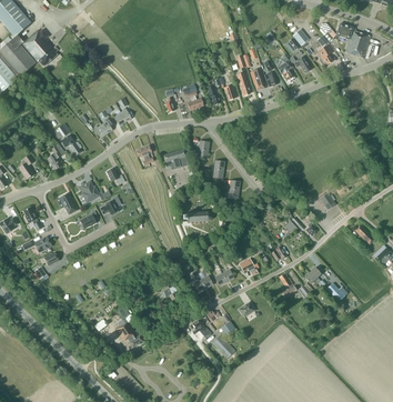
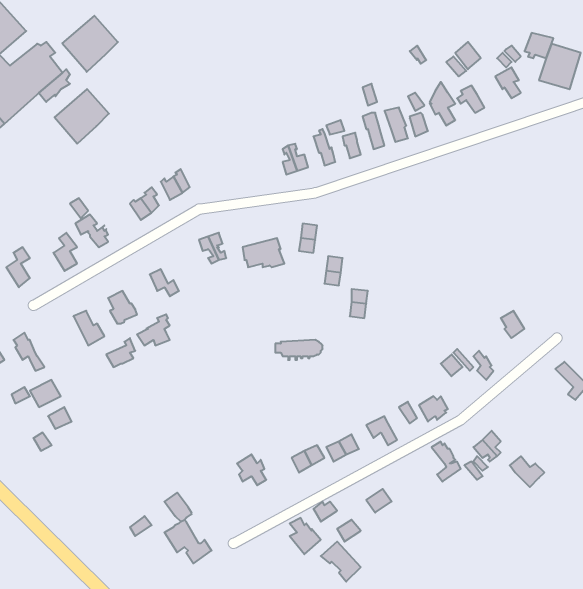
building: none -> [62,16,118,72]
building: none -> [55,89,109,144]

